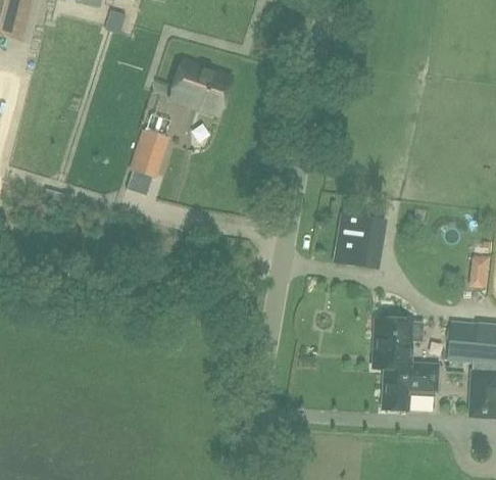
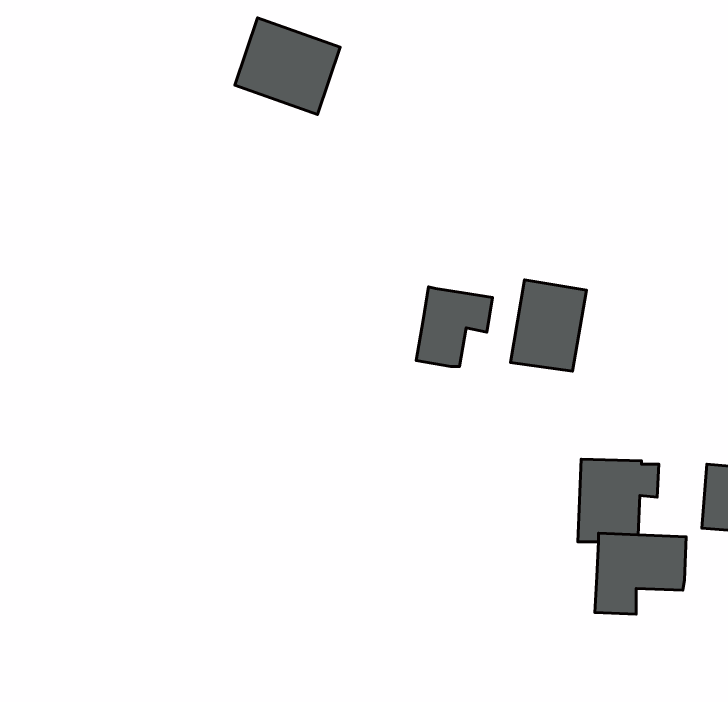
building: [133,130,165,176] -> none
building: none -> [416,287,493,367]

